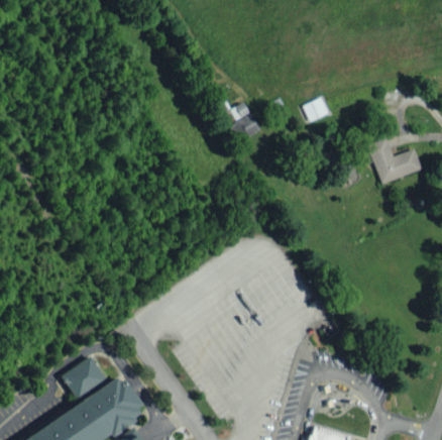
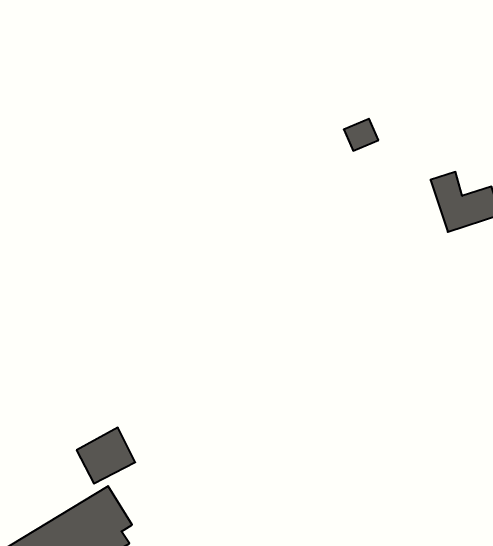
building: [231,102,261,142] -> none
building: [63,356,107,399] -> [77,428,135,484]

